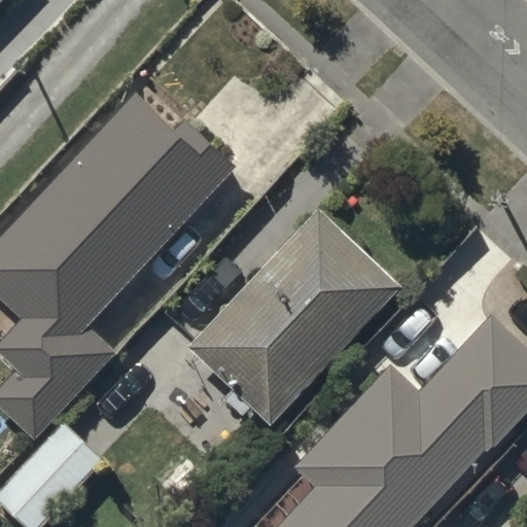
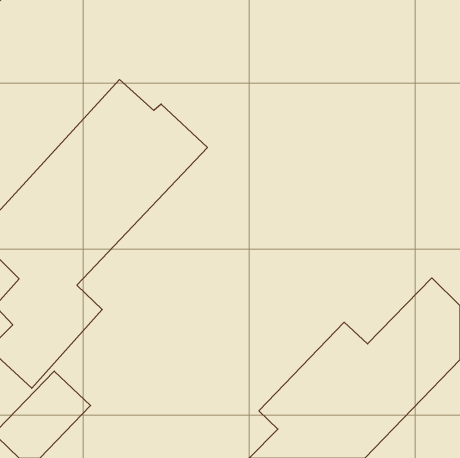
building: [187,212,397,425] -> none

